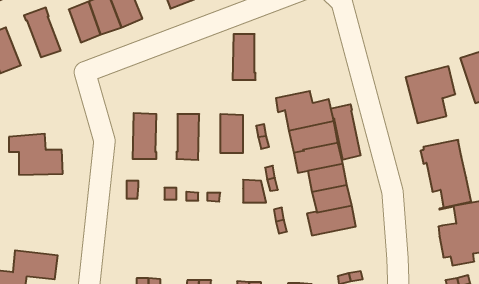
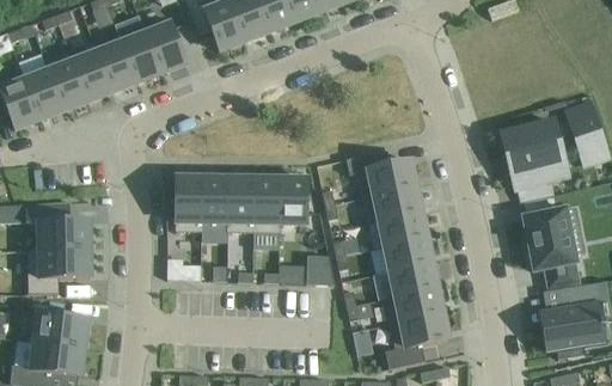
building: none -> [73,51,112,100]
building: none -> [23,65,65,118]
building: [233,34,256,80] -> [253,177,281,232]
building: [331,104,361,160] -> none
building: none -> [202,177,228,222]
building: none -> [27,247,91,293]
building: none -> [385,312,448,368]
building: none -> [33,313,88,347]

